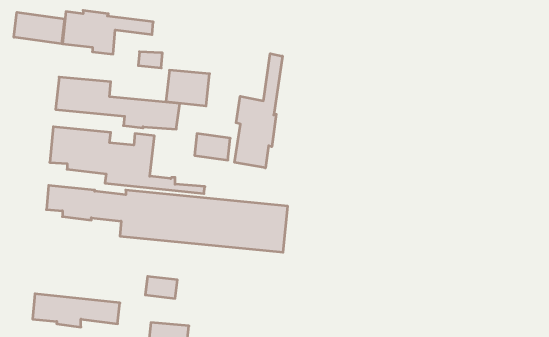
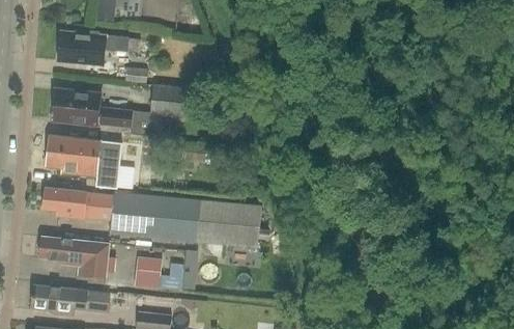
building: [14,12,65,44] -> none
building: [235,54,282,168] -> none
building: none -> [37,236,108,276]

